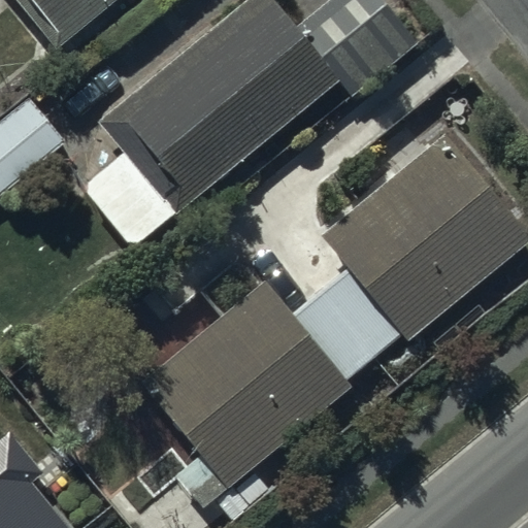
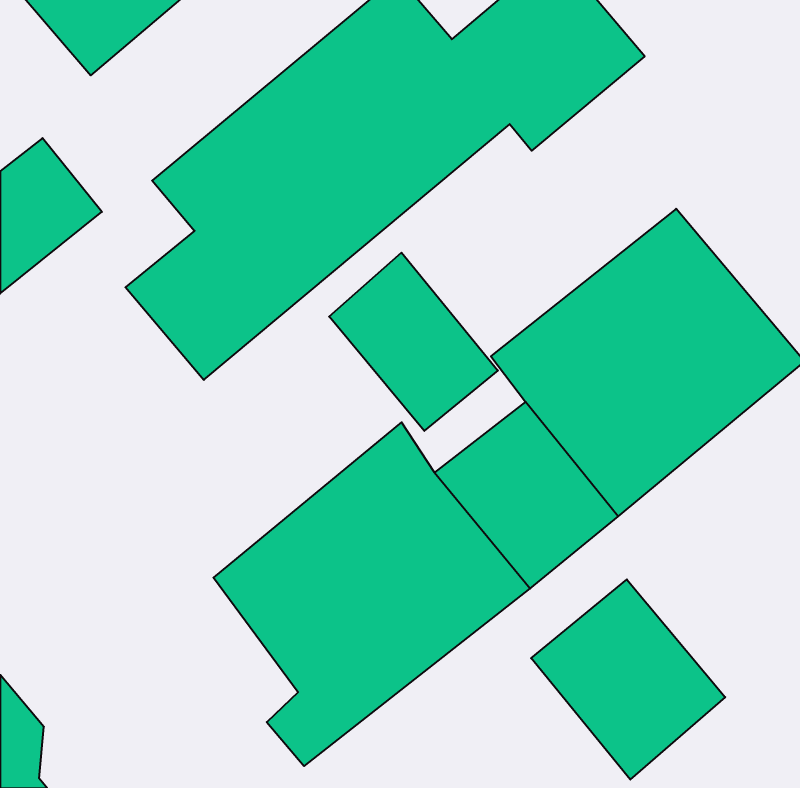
building: none -> [329,253,498,431]
building: none -> [531,579,725,780]

